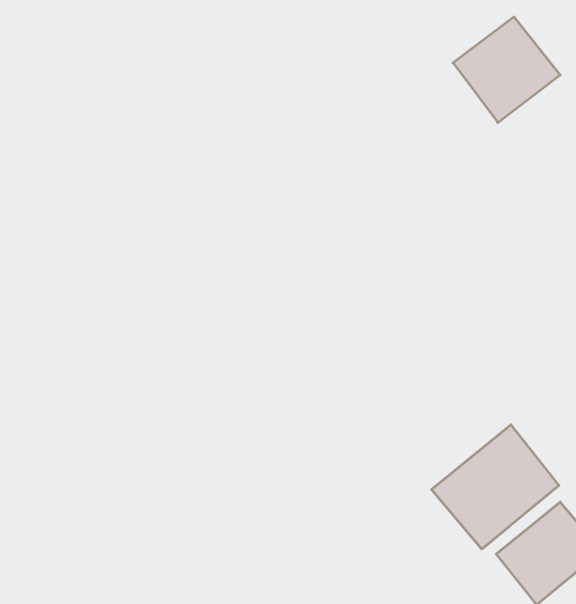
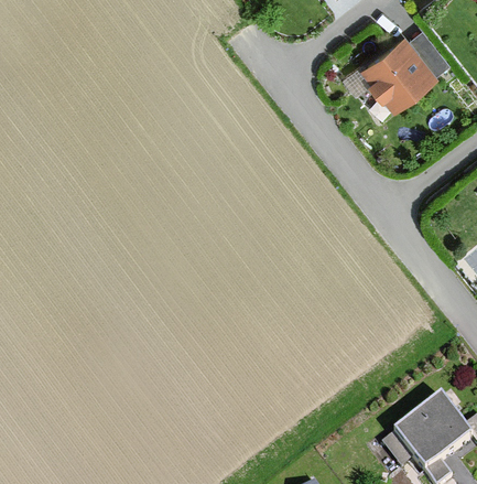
building: [432,425,559,549] -> none

